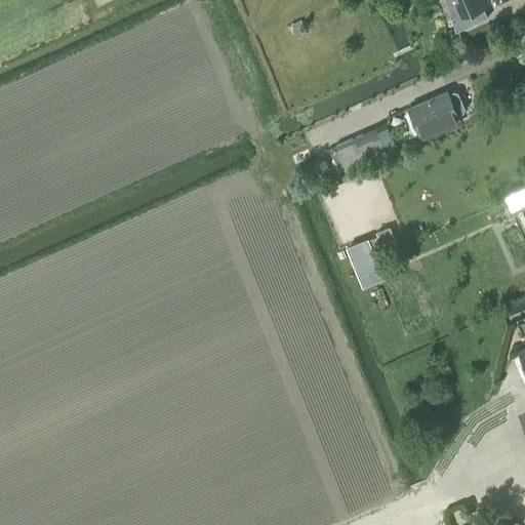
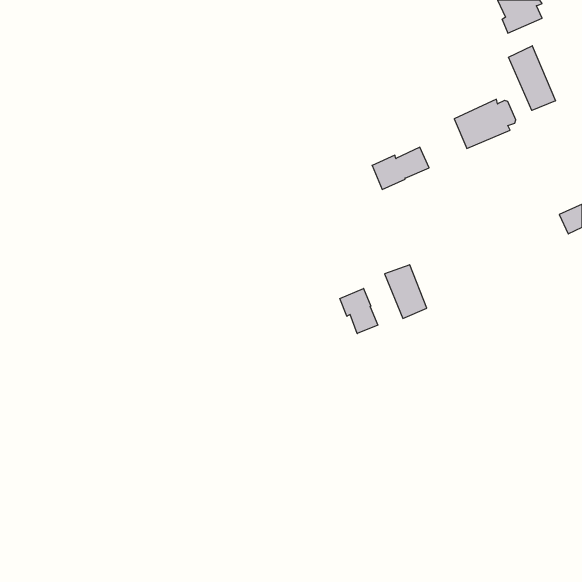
building: none -> [509,46,555,110]
building: none -> [340,288,378,334]

